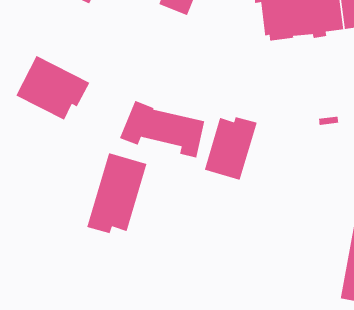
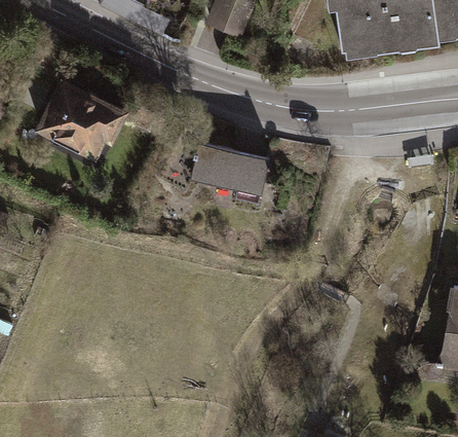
building: [204,116,258,181] -> none
building: [86,152,148,234] -> none

